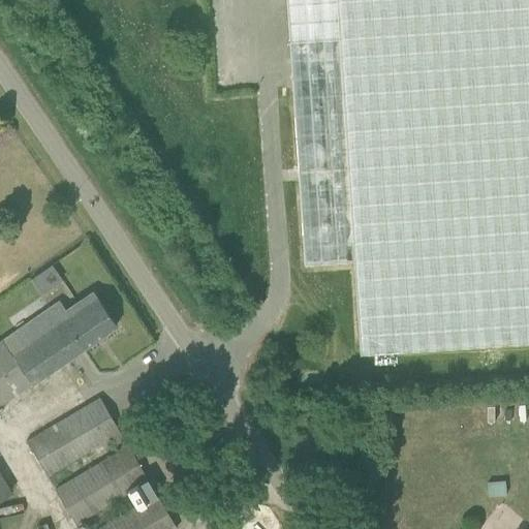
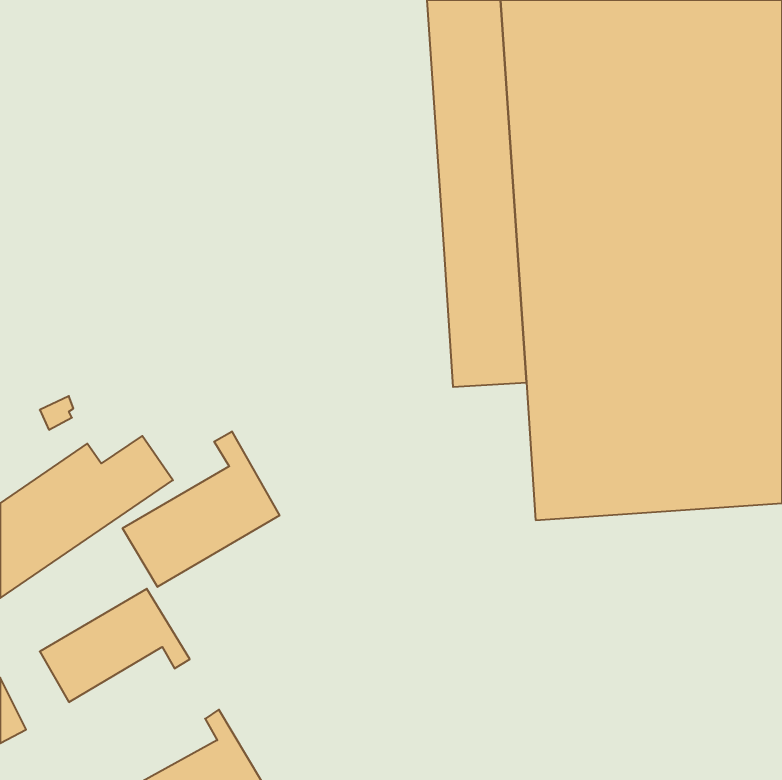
building: none -> [123,431,279,587]
building: [55,446,148,524] -> none

